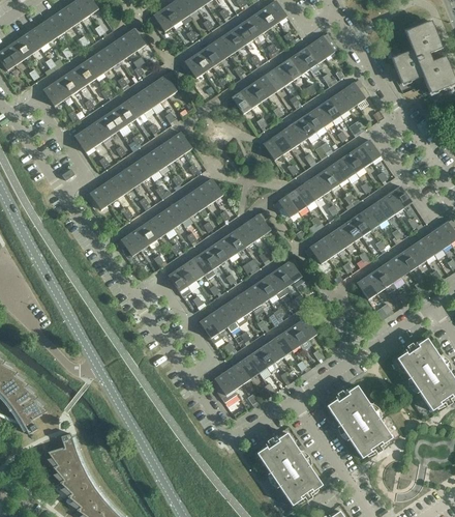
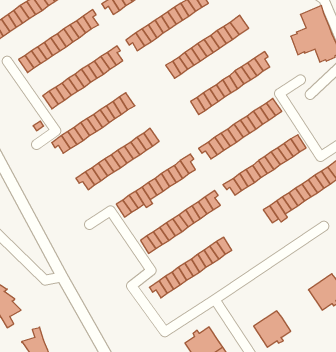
building: [396,338,444,384] -> none
building: [326,384,373,431] -> none

